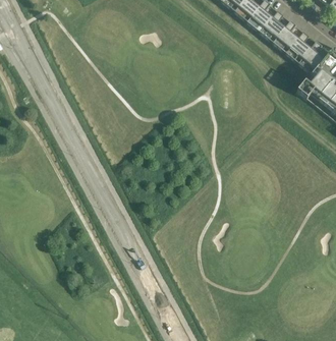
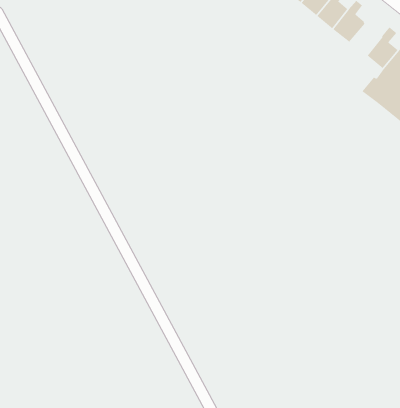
building: [287,31,312,63] -> none

